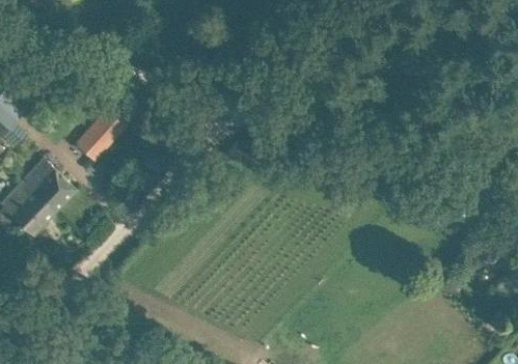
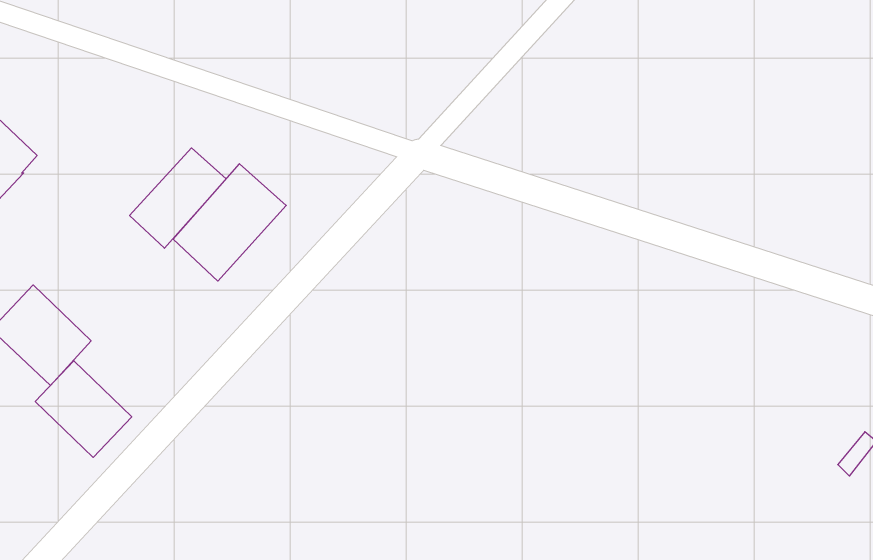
building: none -> [173,164,286,281]
building: [22,161,74,213] -> [35,361,132,457]

